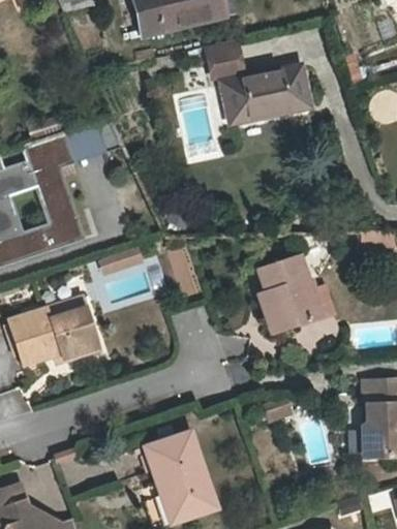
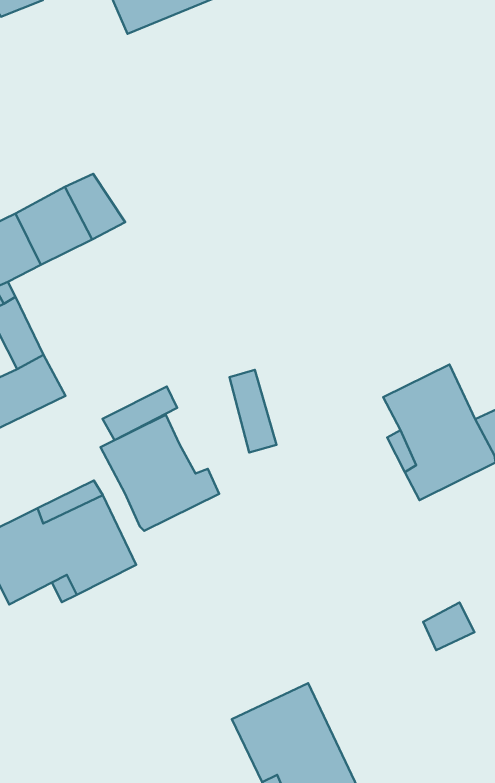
building: [208,42,310,116] -> none
building: none -> [101,415,219,531]

